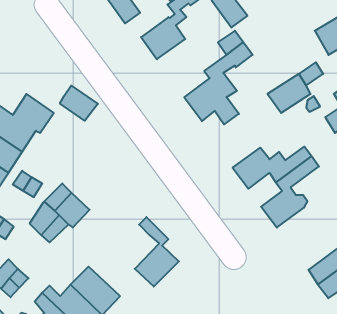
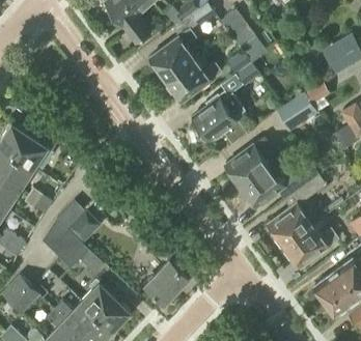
building: none -> [166,59,220,102]
building: [60,86,98,121] -> none
building: none -> [225,138,270,186]
building: none -> [284,225,336,266]
building: none -> [60,241,103,275]

